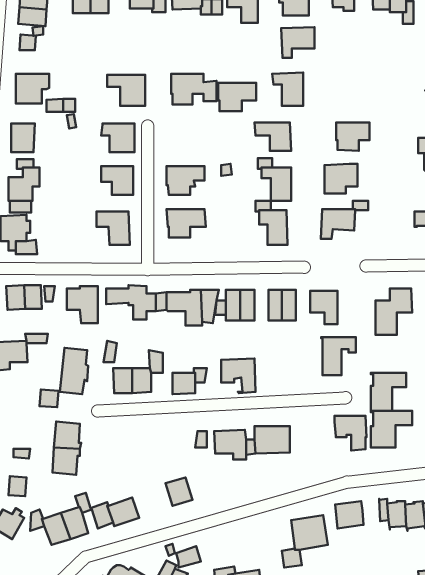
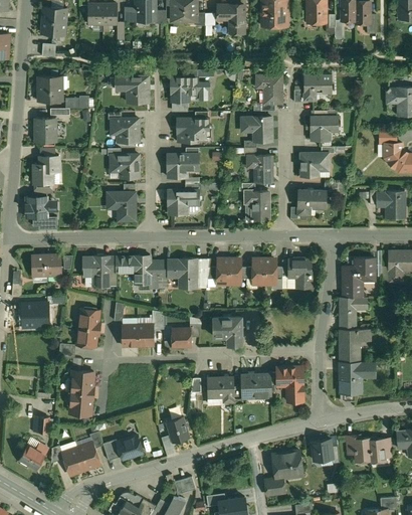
building: [281,27,315,58] -> [303,74,332,101]
building: [218,83,256,111] -> [177,118,209,142]
building: [321,337,356,375] -> [339,297,368,329]
building: [335,416,367,450] -> [276,367,303,396]

